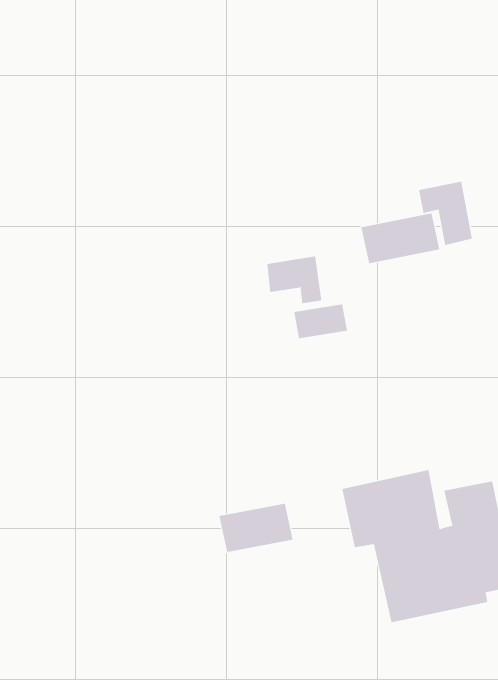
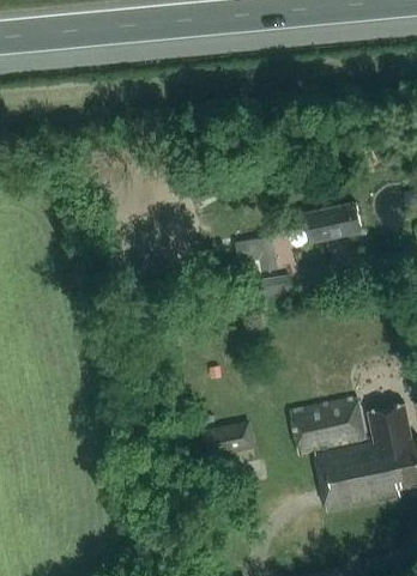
building: [418,181,472,246] -> none

